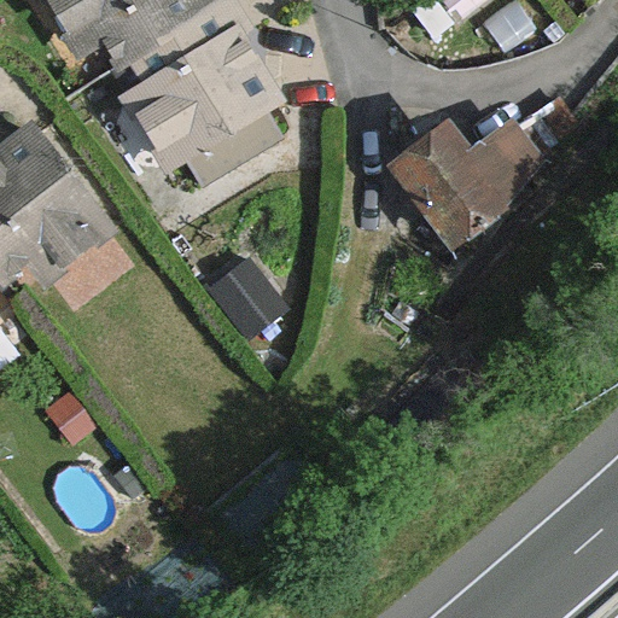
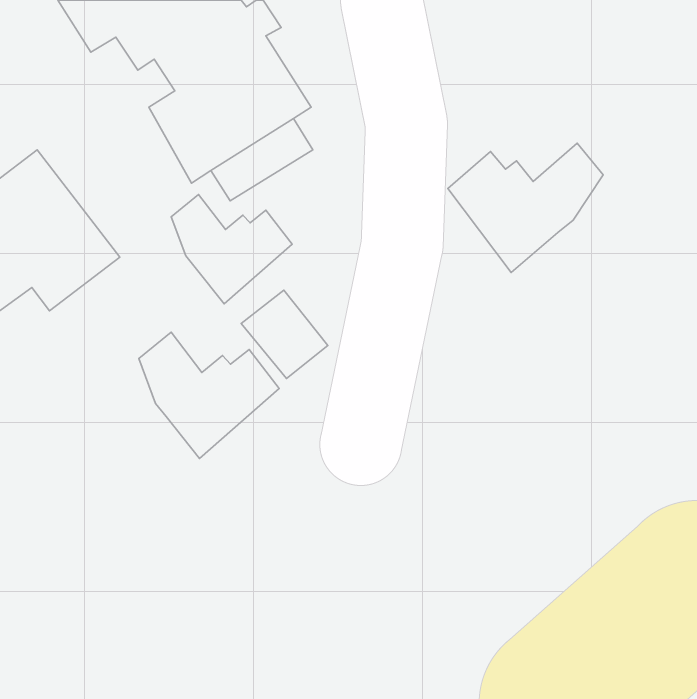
building: none -> [171,194,292,304]
building: none -> [139,332,279,458]

